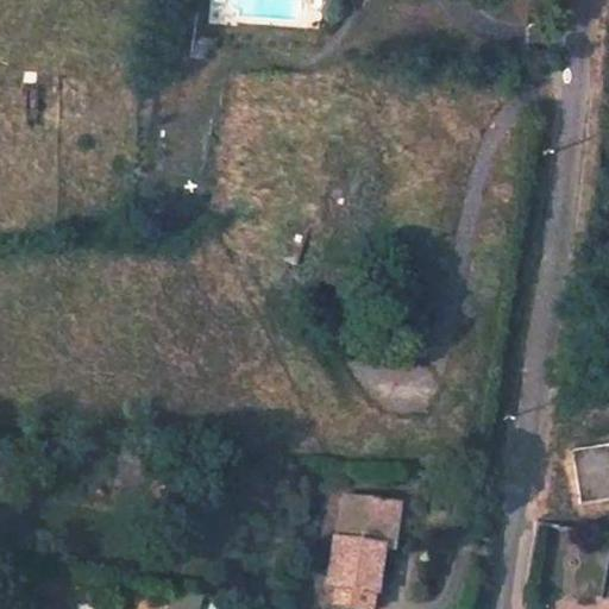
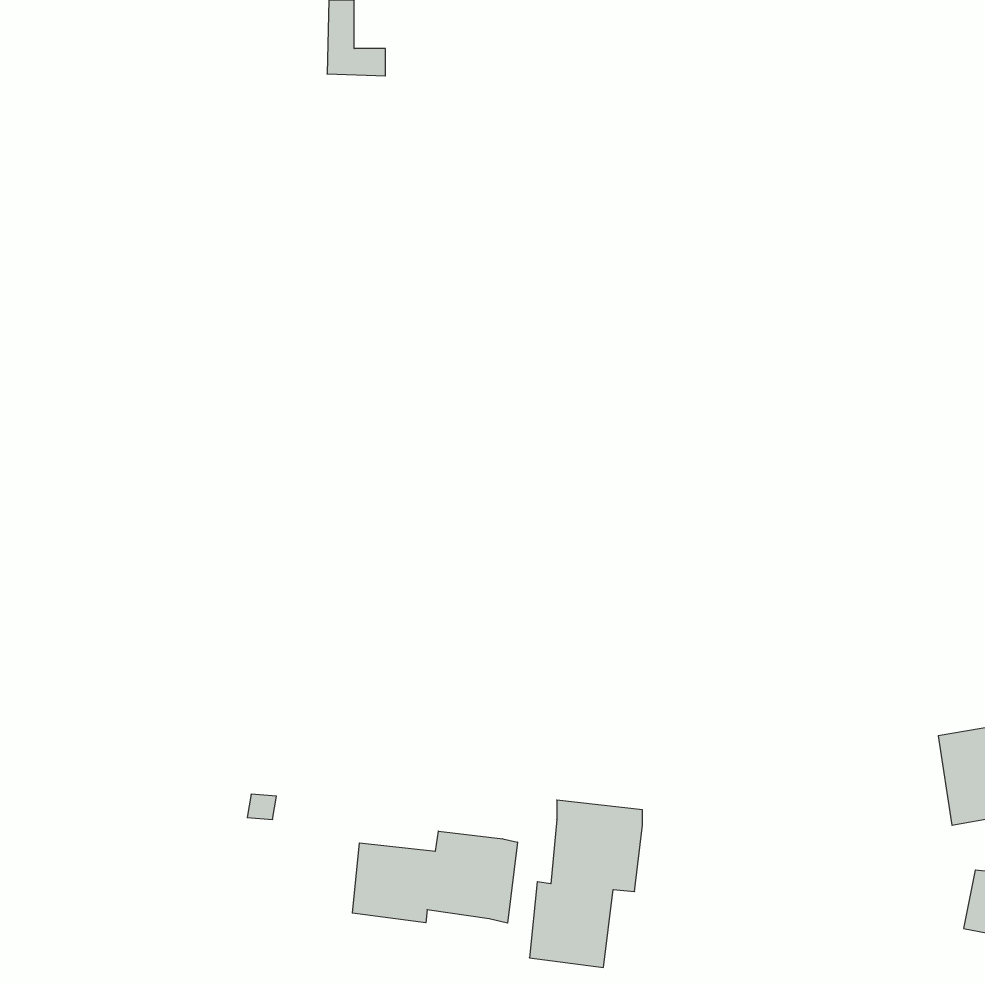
building: none -> [352,831,517,923]

